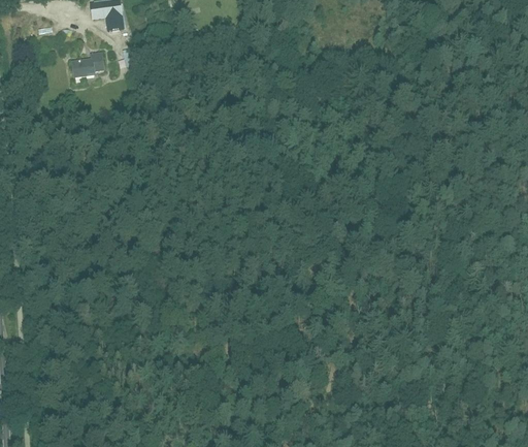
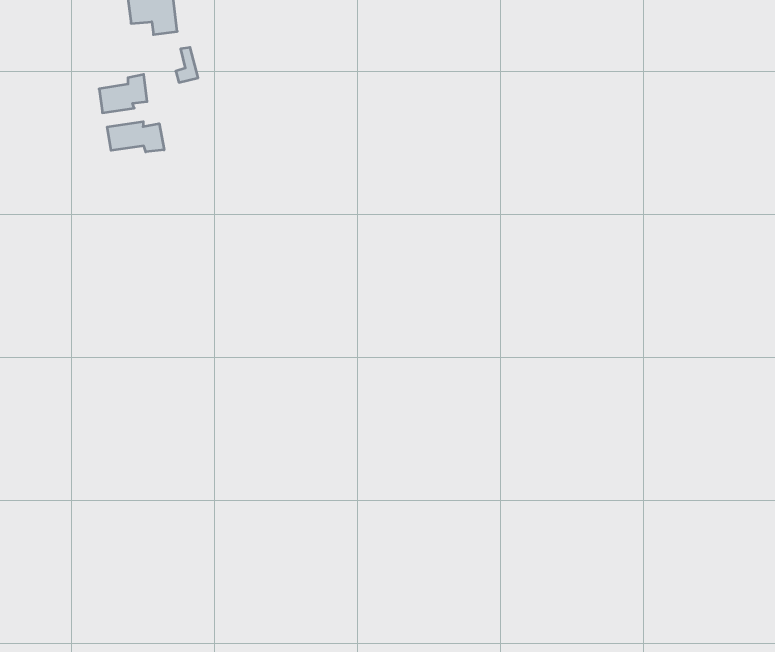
building: none -> [107,122,164,152]

